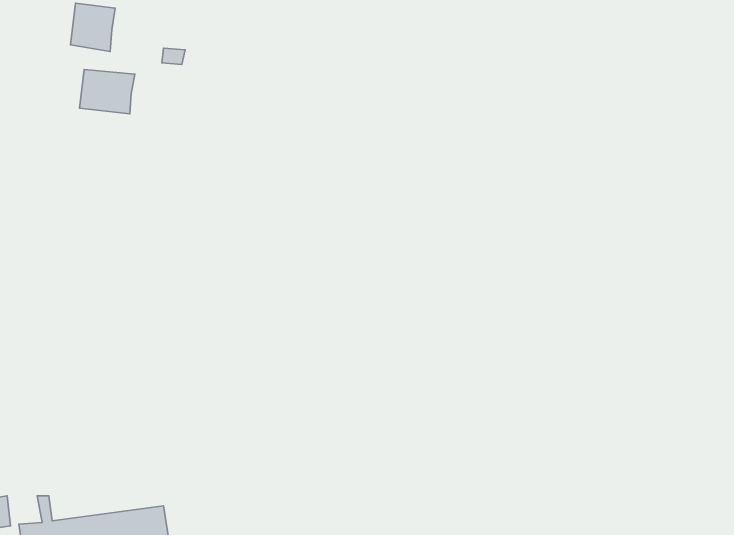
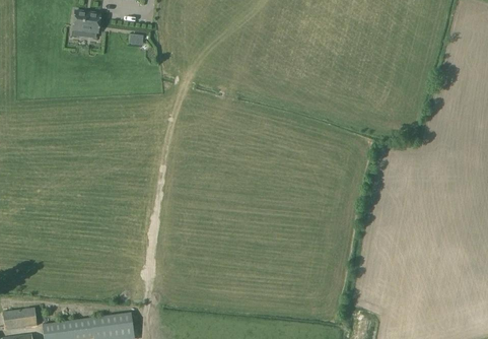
building: [79,70,135,114] -> none

